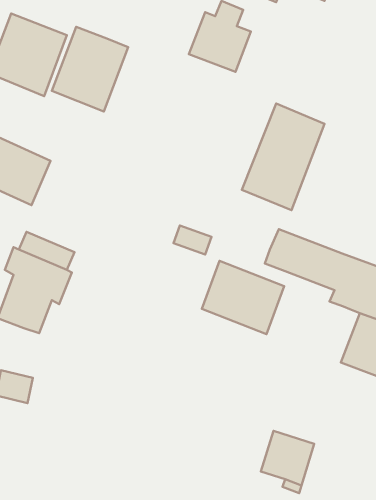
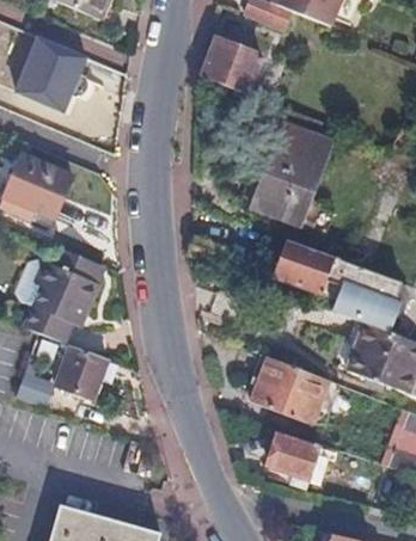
building: [52,27,128,111] -> none
building: [202,261,284,334] -> [249,355,326,424]
building: none -> [57,344,108,396]

